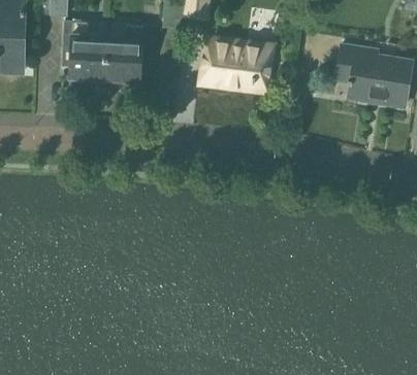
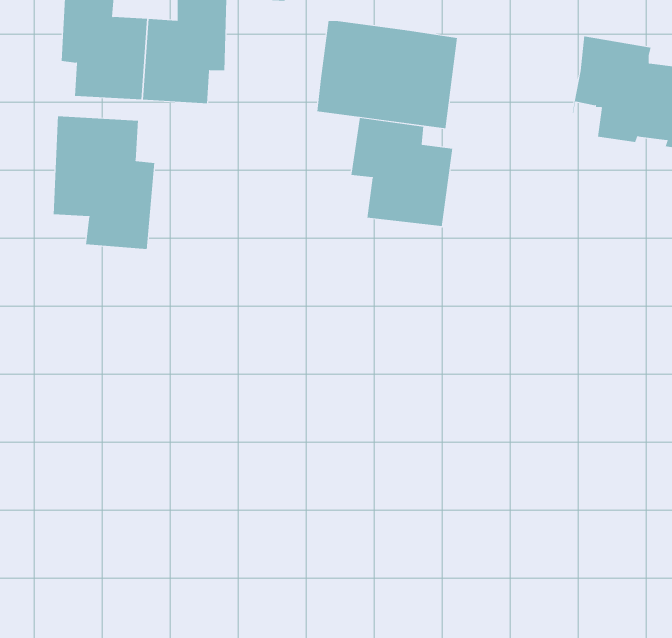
building: none -> [53,116,155,250]
building: none -> [351,117,453,227]

